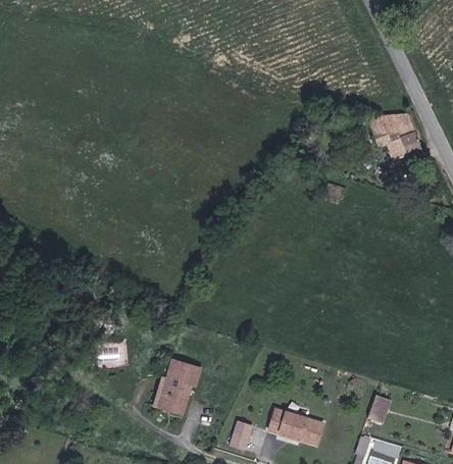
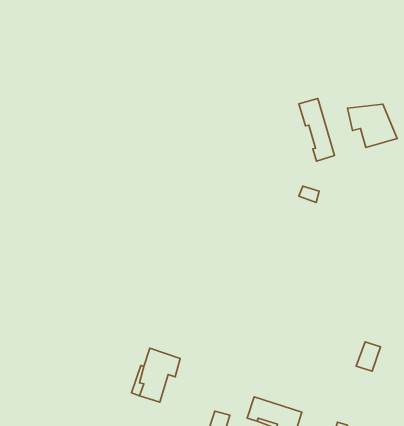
building: none -> [299,98,335,161]
building: [367,393,392,422] -> [356,342,380,371]

